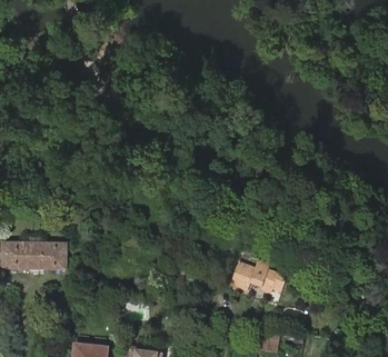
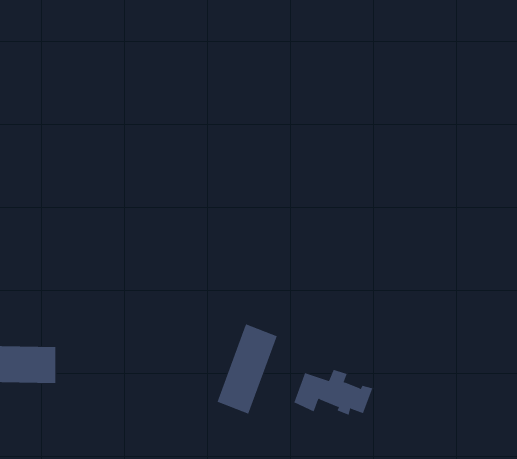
building: none -> [217,324,277,415]

